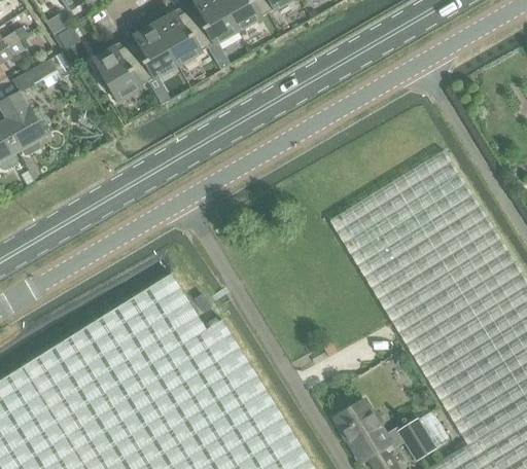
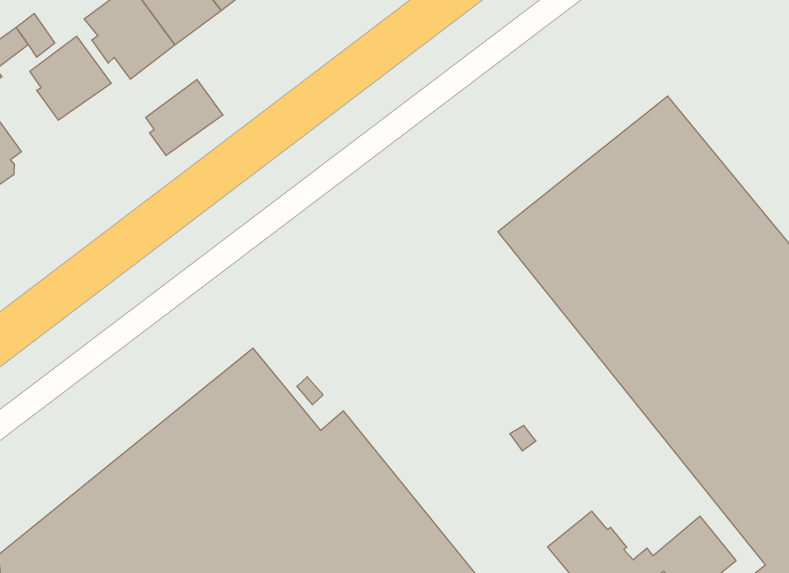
building: none -> [30,36,111,120]
building: none -> [146,79,223,156]

